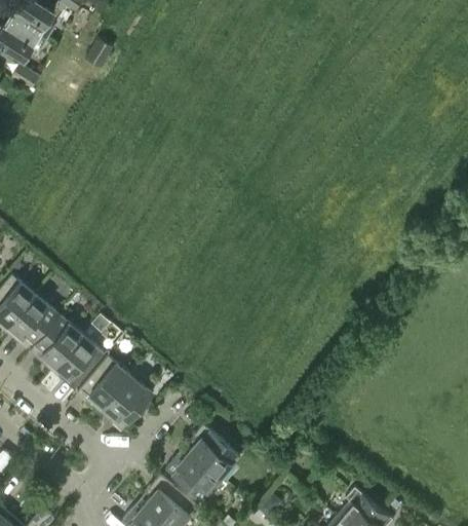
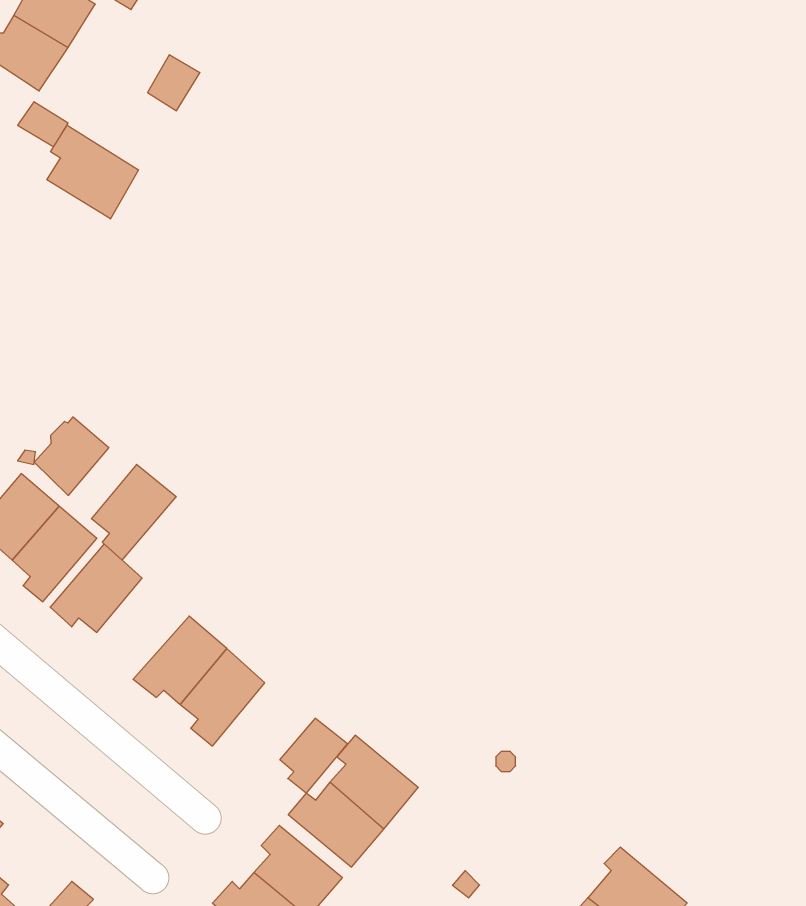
building: none -> [47,125,138,219]
building: none -> [34,417,109,495]
building: [56,336,105,390] -> [91,464,176,560]
building: none -> [280,718,347,793]

